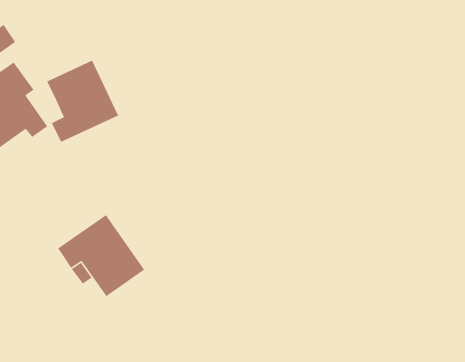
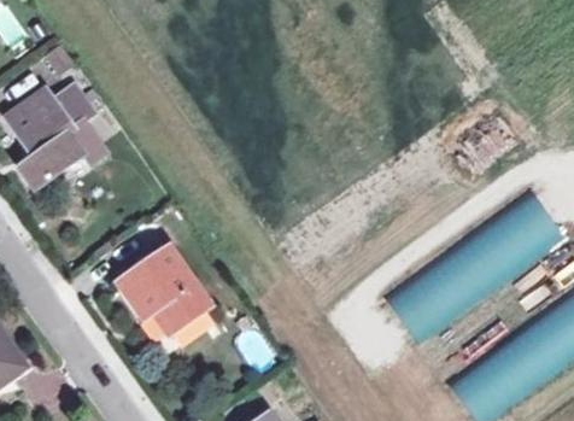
building: [46,60,119,143] -> none

